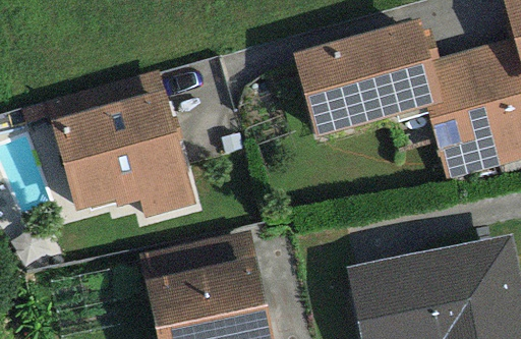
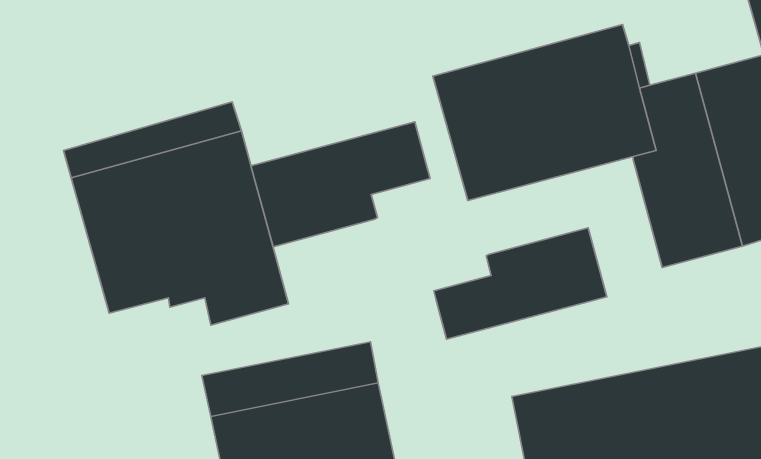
building: none -> [251,122,430,247]
building: none -> [434,228,607,339]

